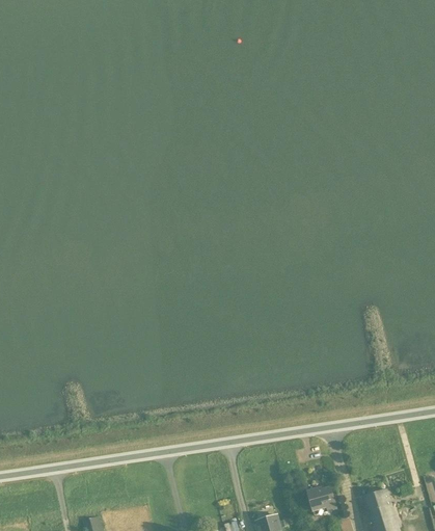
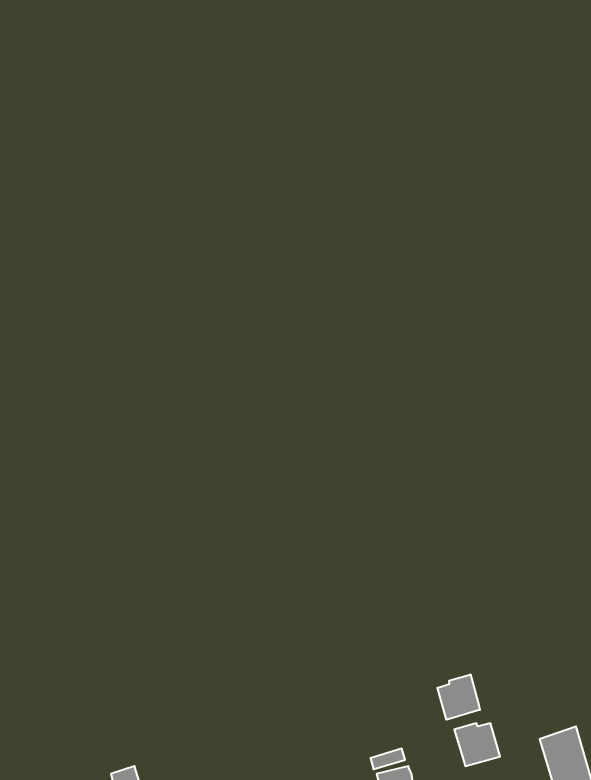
building: none -> [437,674,480,720]

